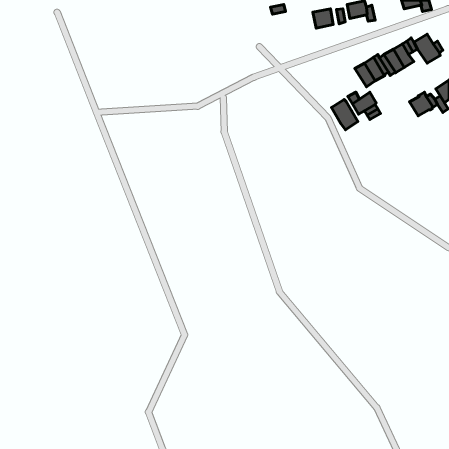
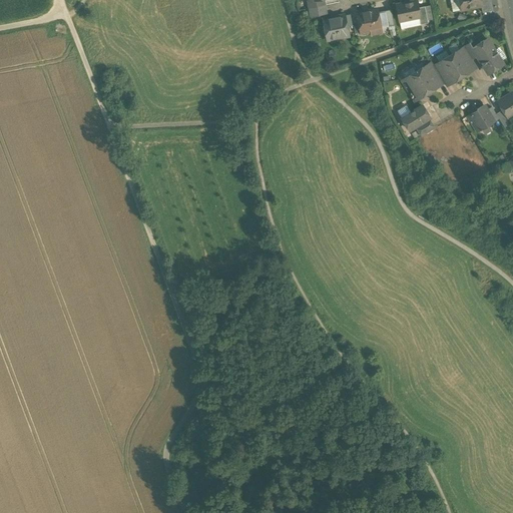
building: none -> [324,15,348,38]
building: [332,99,358,130] -> none

